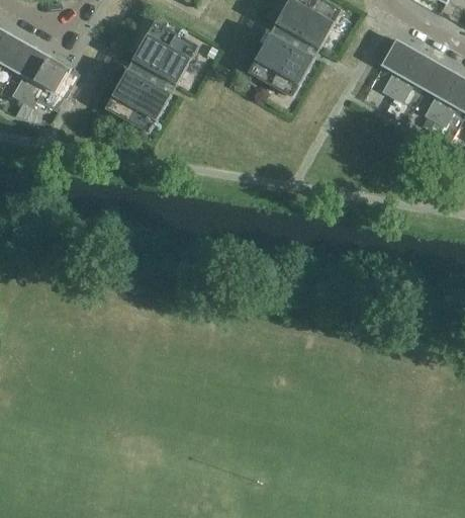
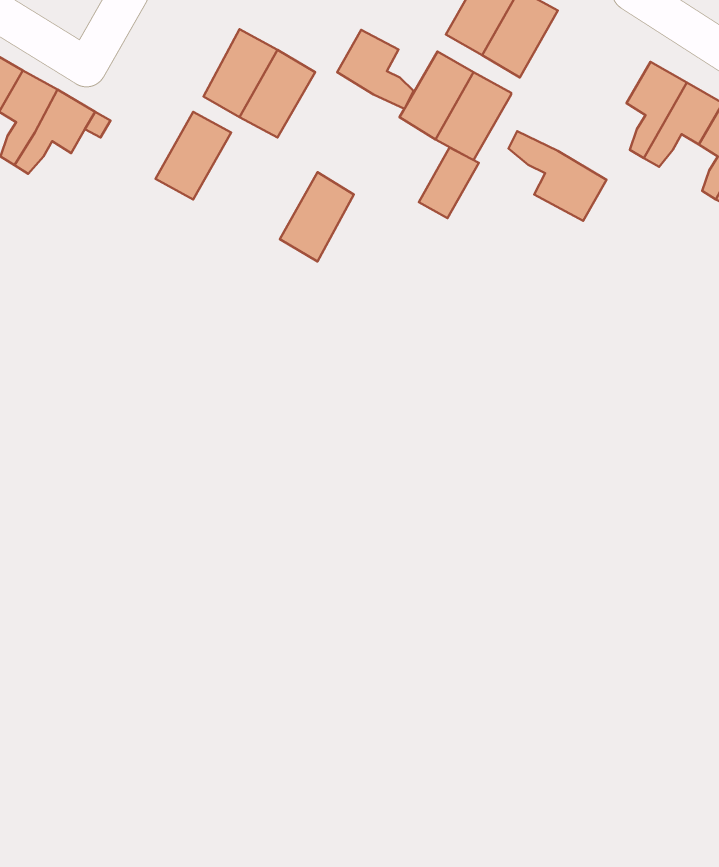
building: none -> [337,30,414,109]
building: none -> [509,131,606,221]
building: [126,81,170,134] -> [280,172,354,261]
building: none -> [419,148,479,218]

